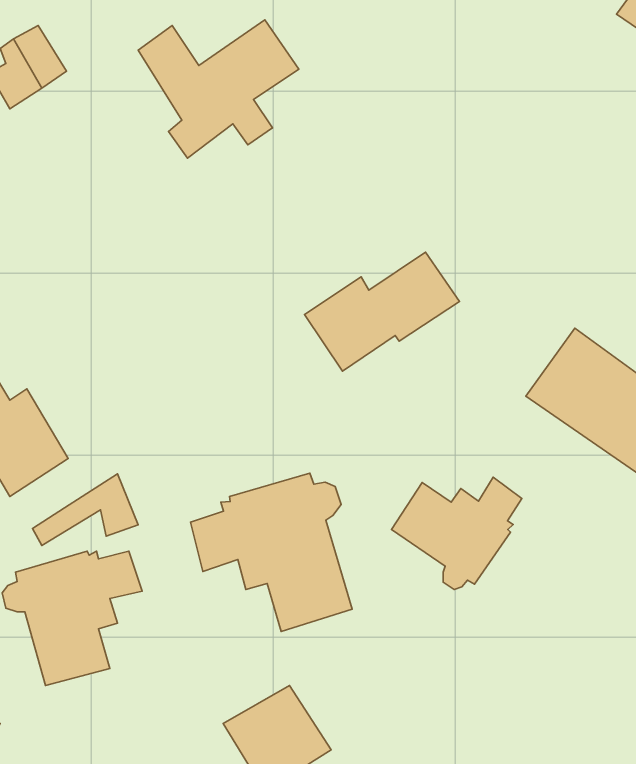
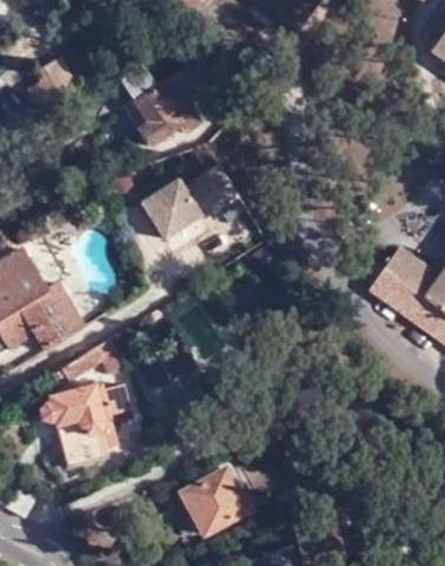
building: [305,252,460,371] -> [139,167,236,242]
building: [191,473,352,632] -> none
building: [391,477,522,589] -> none

